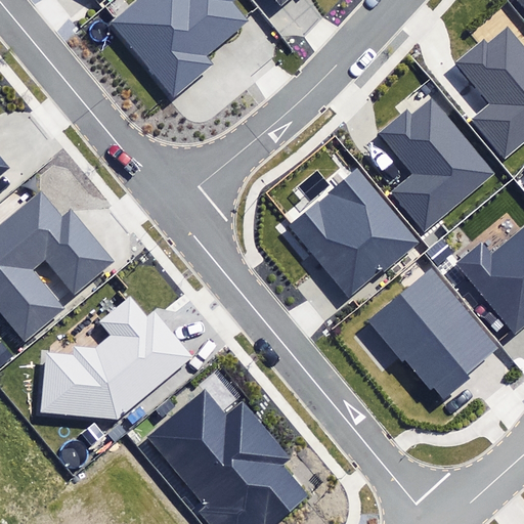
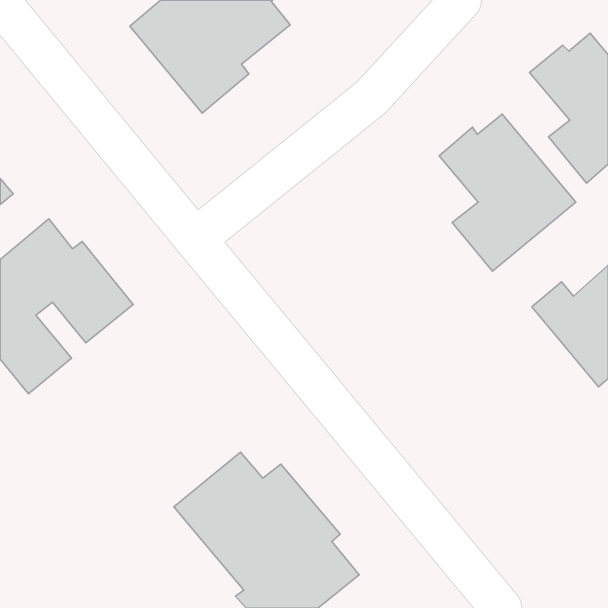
building: [288,170,418,300] -> none
building: [369,267,503,397] -> none
building: [40,298,193,420] -> none

